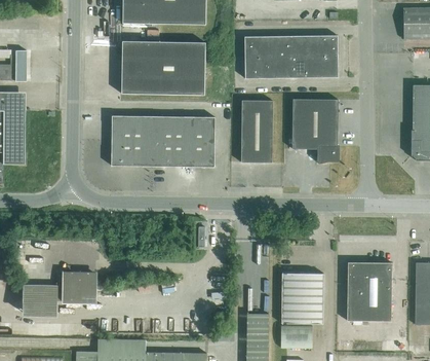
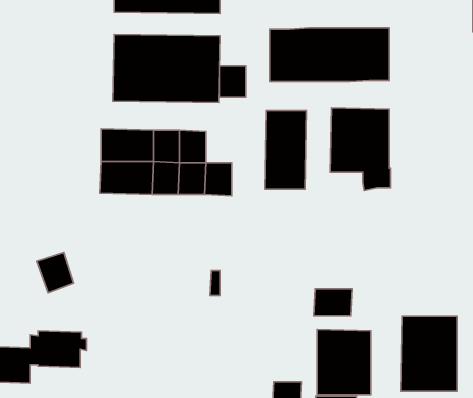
building: [194,117,214,142] -> [220,66,246,97]
building: none -> [37,253,73,293]
building: none -> [314,289,352,316]

